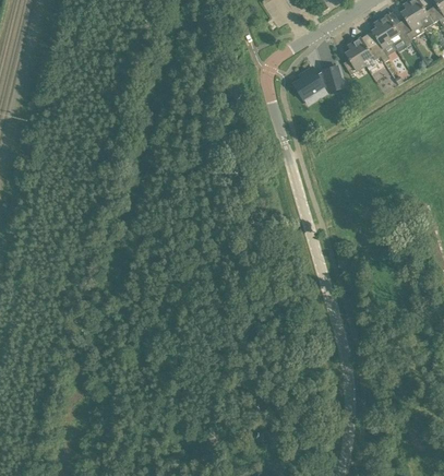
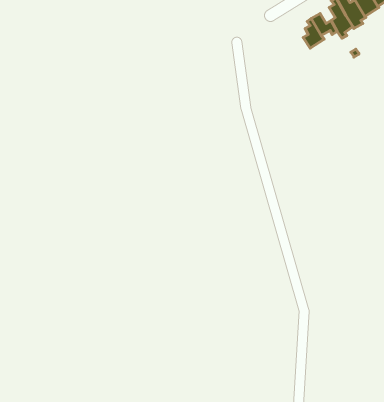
building: [295,66,344,98] -> none

